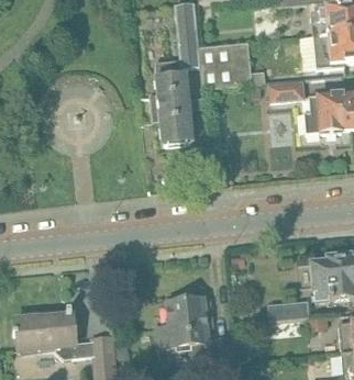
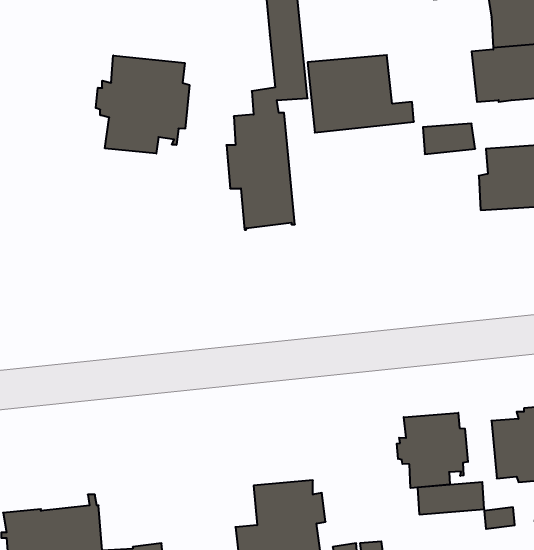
building: none -> [96,55,189,154]
building: none -> [397,413,468,488]

